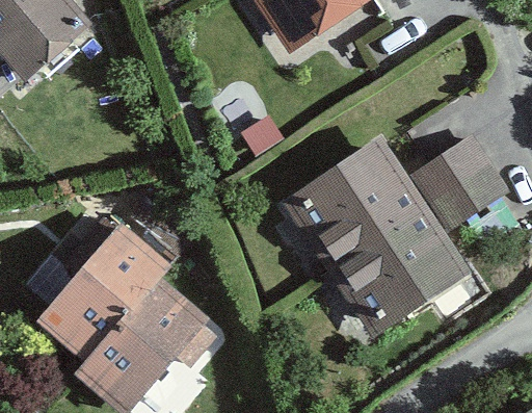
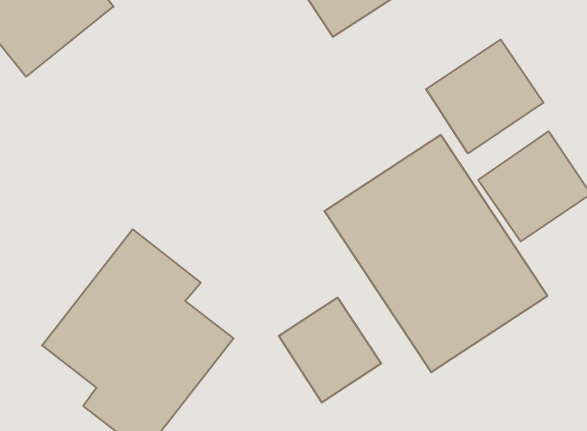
building: none -> [426,40,543,153]
building: none -> [279,298,381,403]

